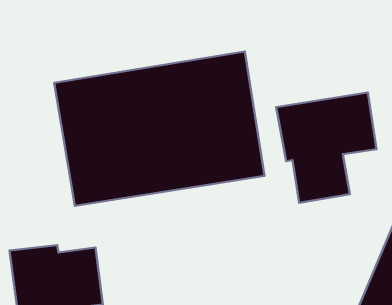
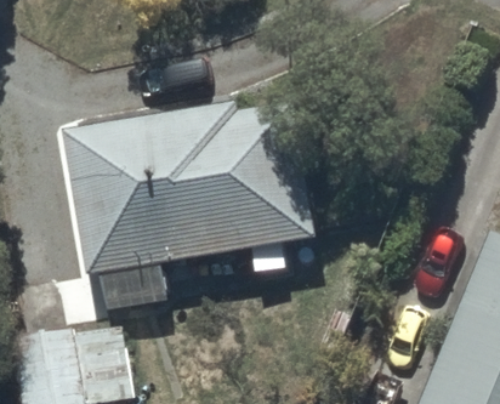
building: [276,92,376,203] -> none

